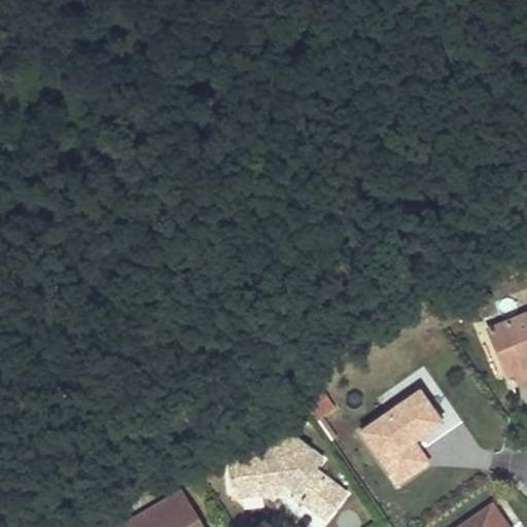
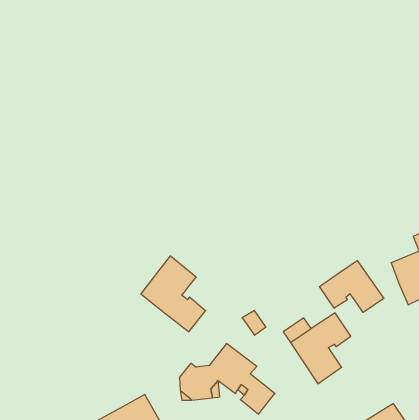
building: none -> [141,256,206,332]
building: none -> [319,260,384,312]

